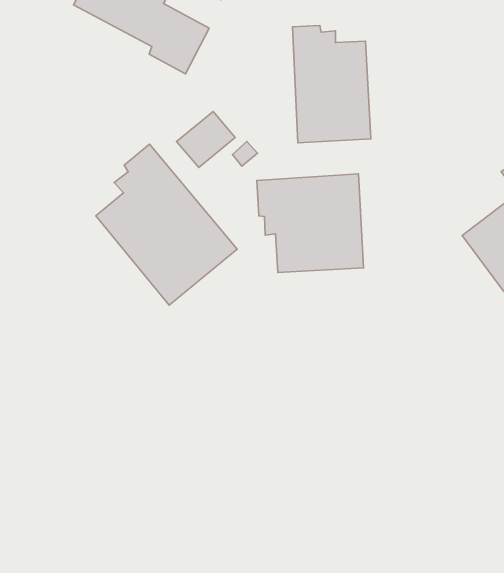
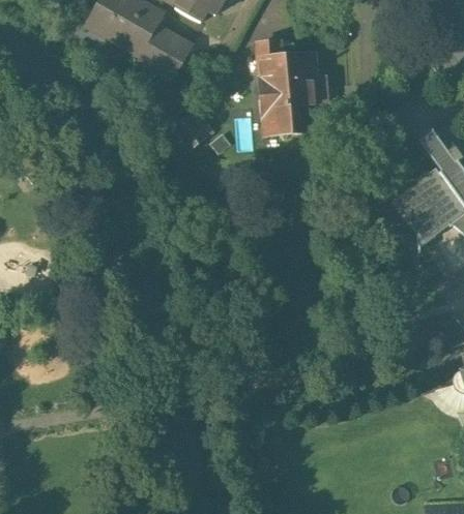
building: [96,144,237,305] -> none
building: [257,174,364,272] -> none

